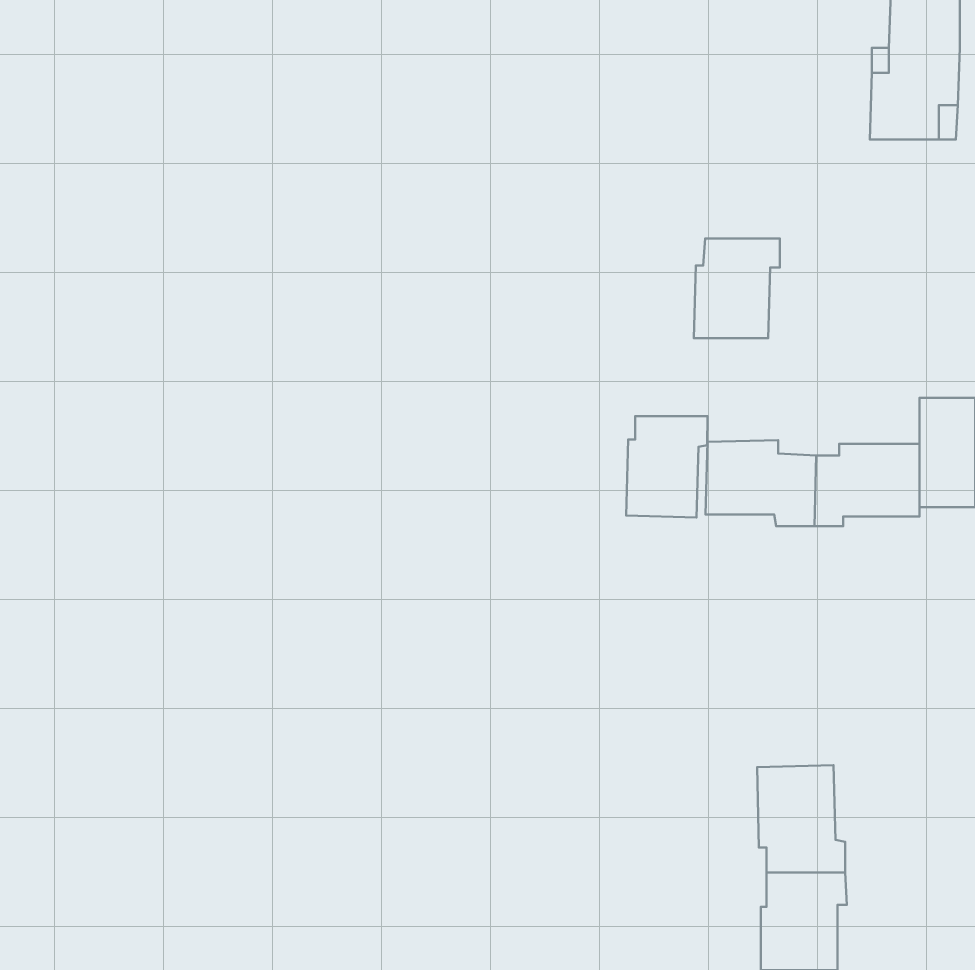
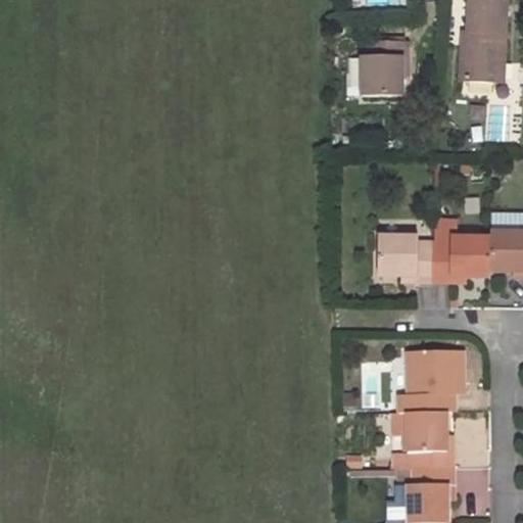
building: [694,239,780,338] -> [361,43,407,96]
building: [626,416,707,517] -> none
building: none -> [395,349,461,410]

